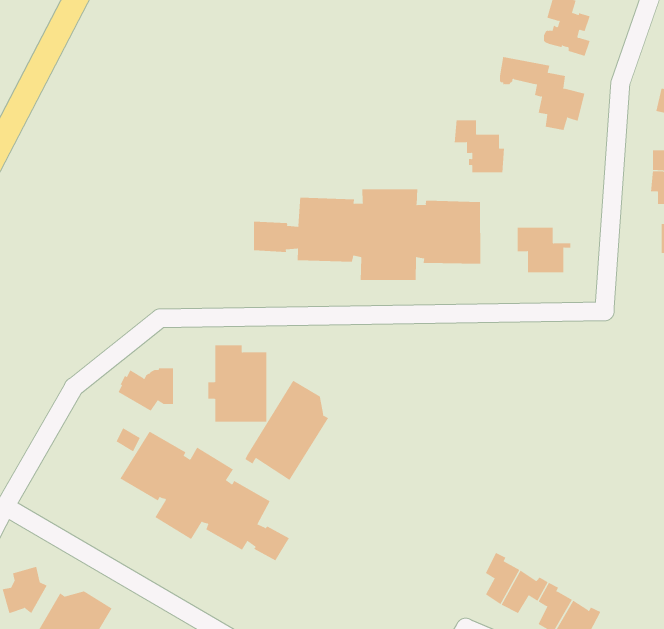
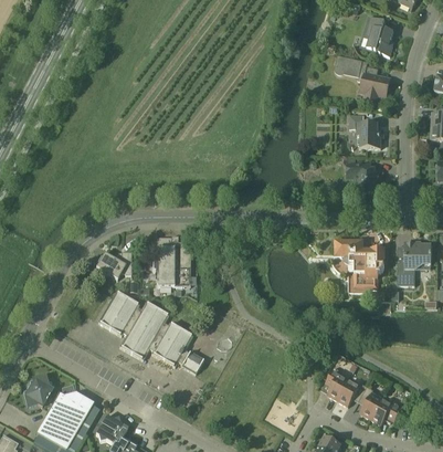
building: [454,120,505,173] -> [349,114,381,147]
building: [254,189,481,281] -> none
building: none -> [336,241,384,287]
building: none -> [397,241,432,285]
building: [244,380,329,481] -> none

